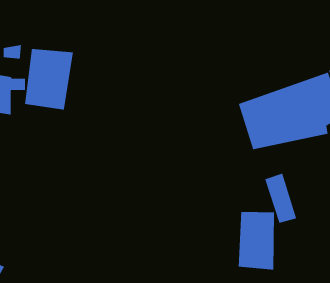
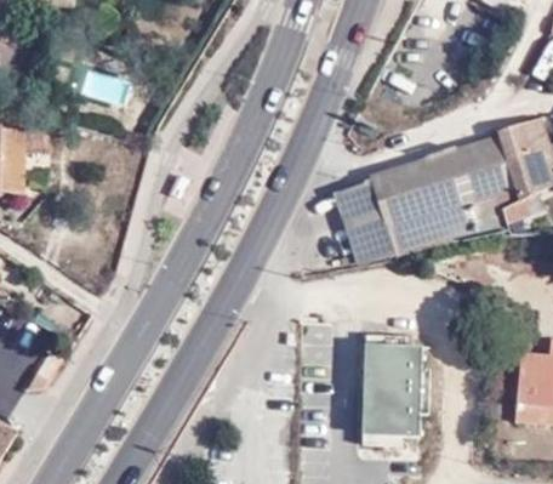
building: [24,48,74,110] -> none
building: [264,172,297,224] -> [336,181,386,258]

